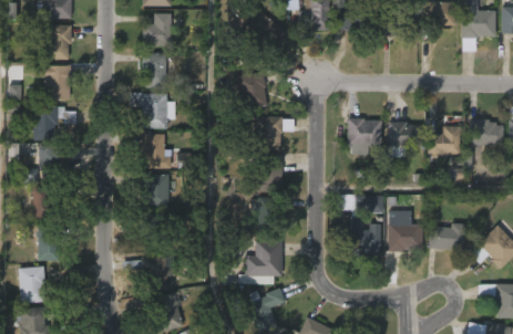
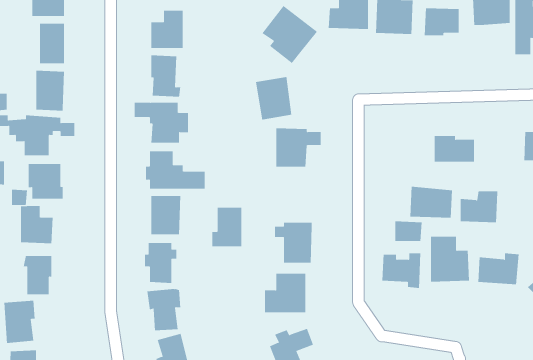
building: [348,117,386,145] -> [409,186,453,218]
building: [430,126,463,154] -> [460,191,498,223]
building: [258,157,285,191] -> [212,207,242,247]

